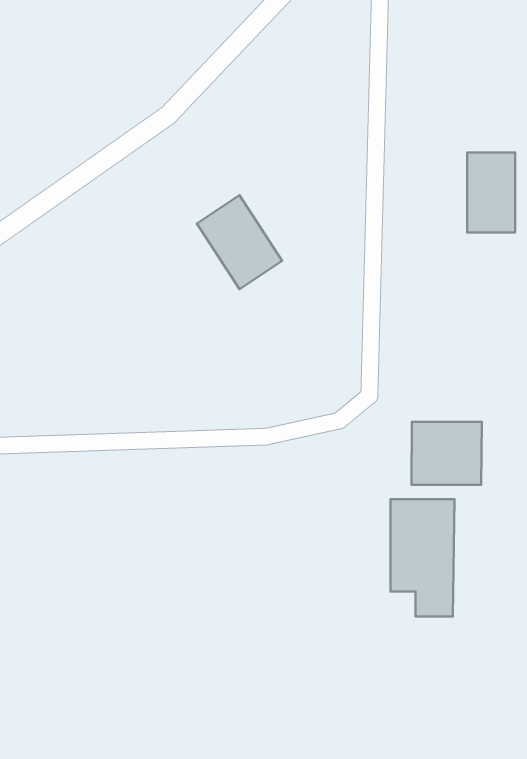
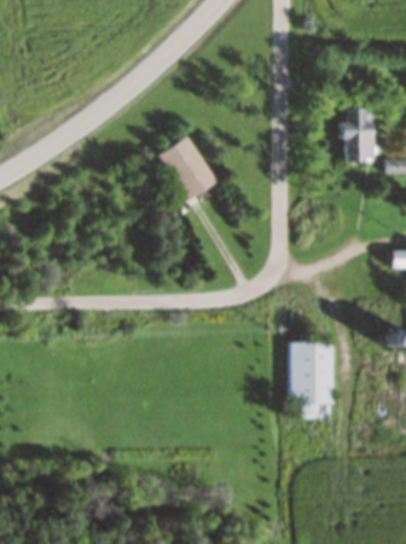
building: [411,422,482,485] -> none

